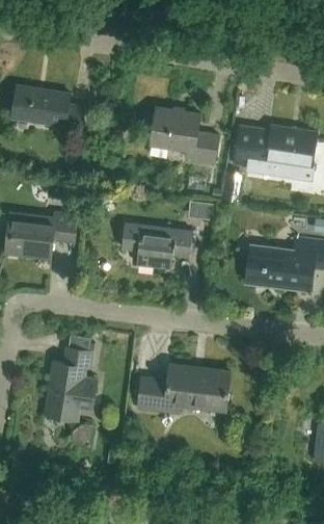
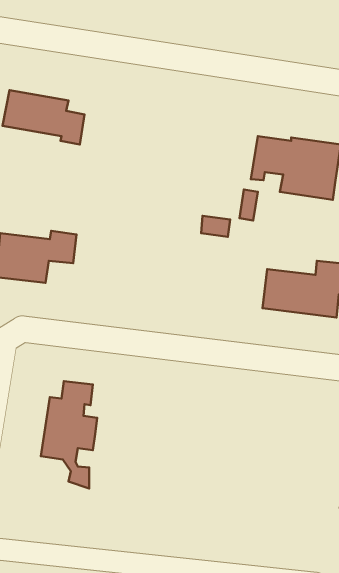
building: [151,107,219,162] -> none
building: [124,224,195,268] -> none
building: [138,363,232,414] -> none

